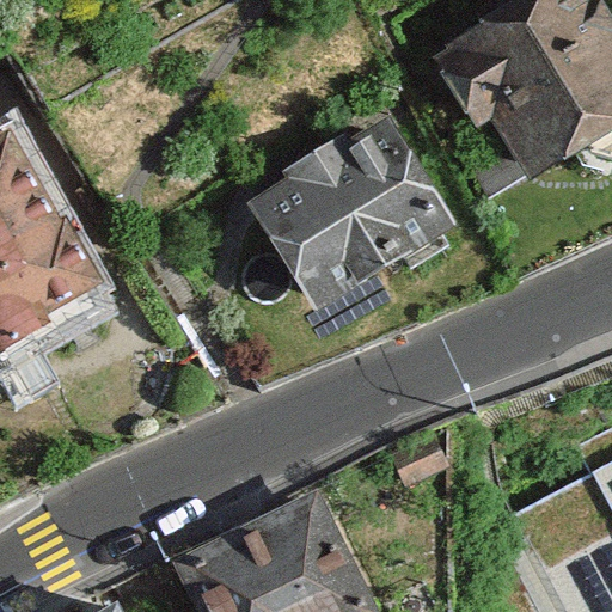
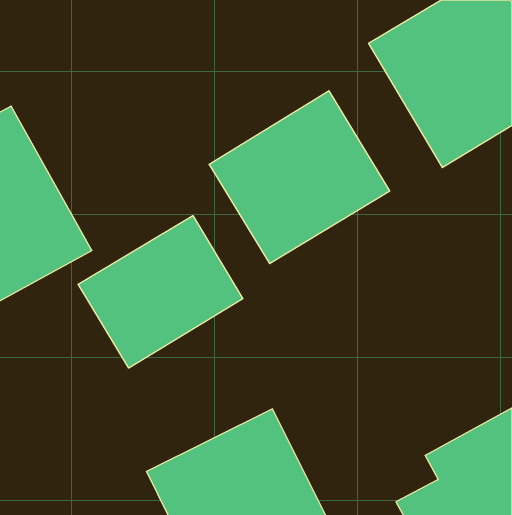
building: none -> [78,216,243,368]

